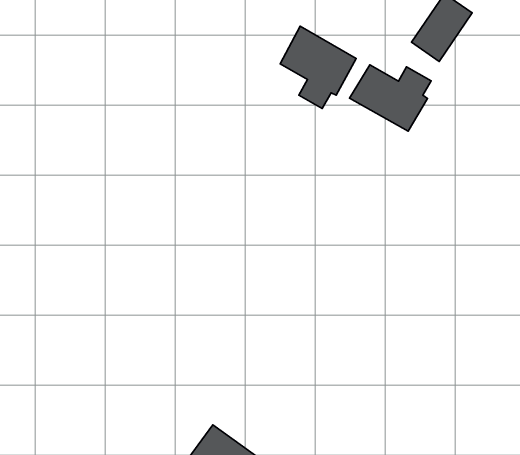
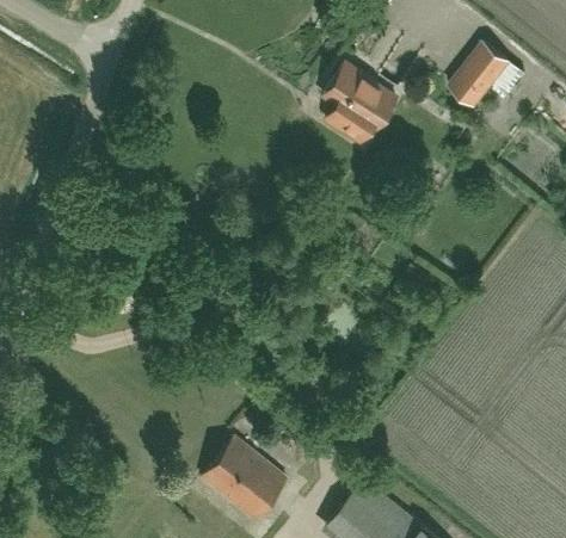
building: [349,65,431,131] -> none

